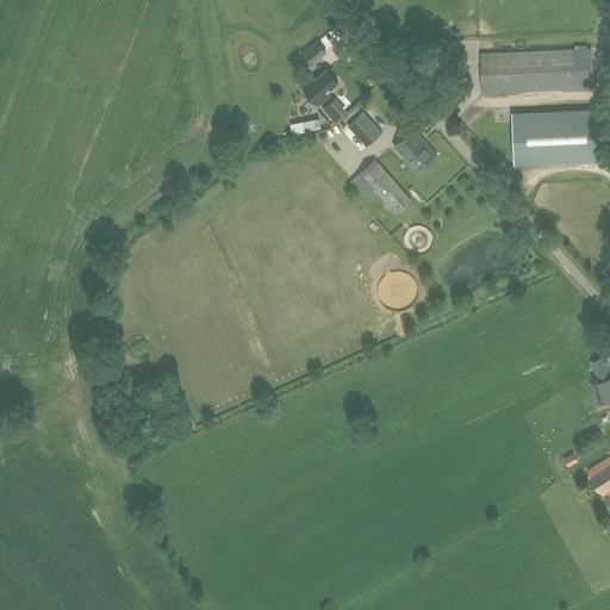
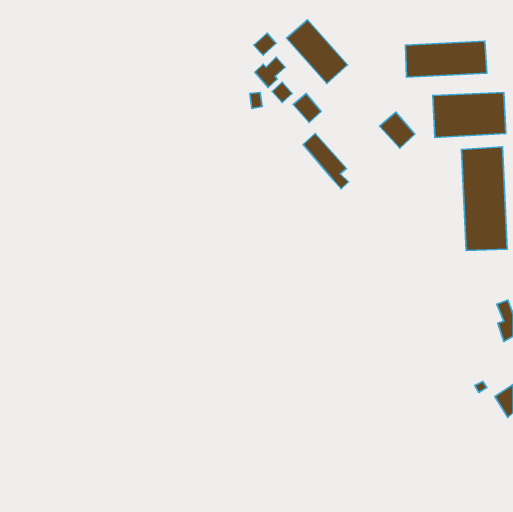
building: none -> [287,20,347,84]
building: [394,129,436,172] -> [380,112,415,148]
building: none -> [462,147,507,251]

